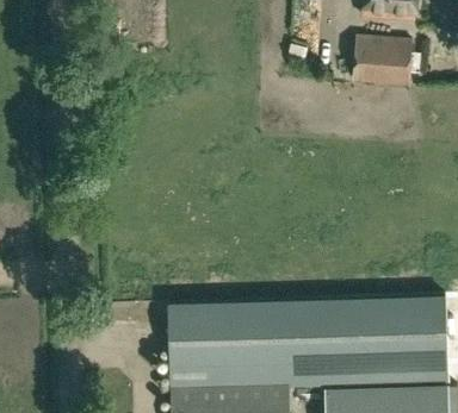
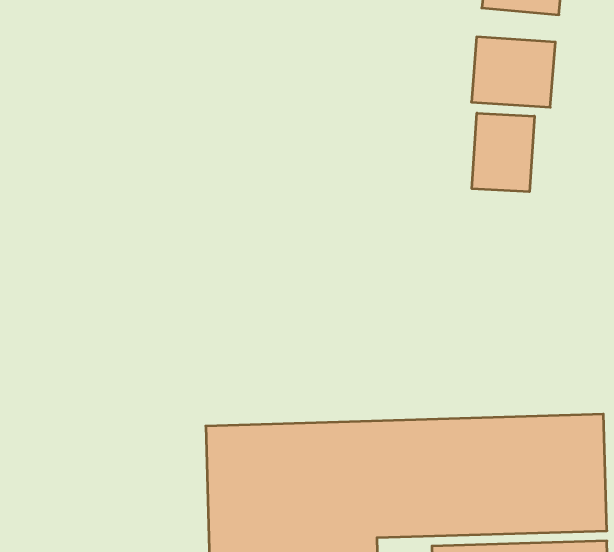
building: none -> [472,113,534,192]

